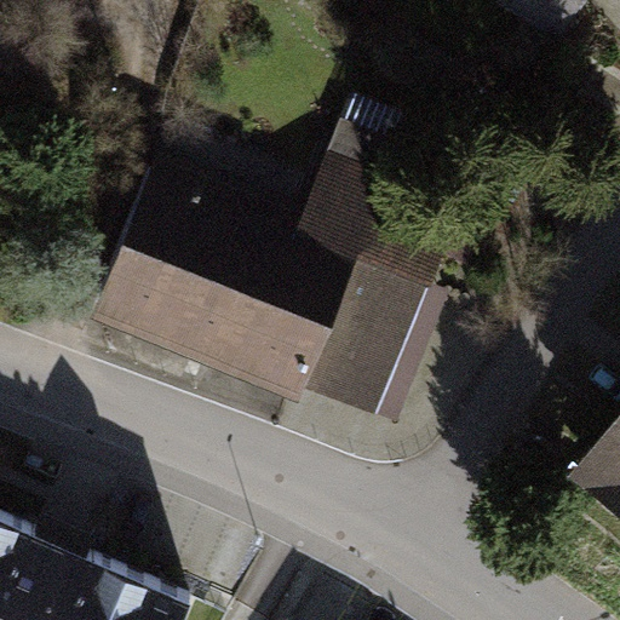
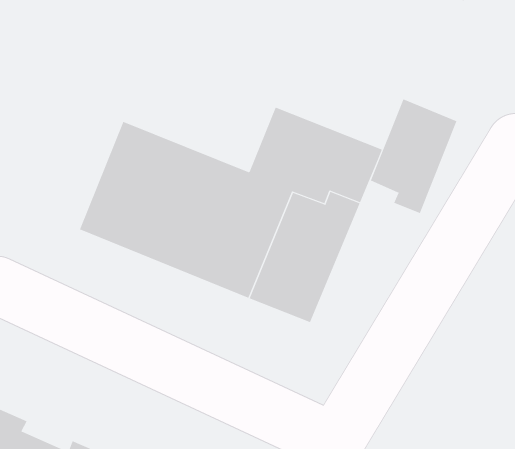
building: none -> [370,98,457,214]

